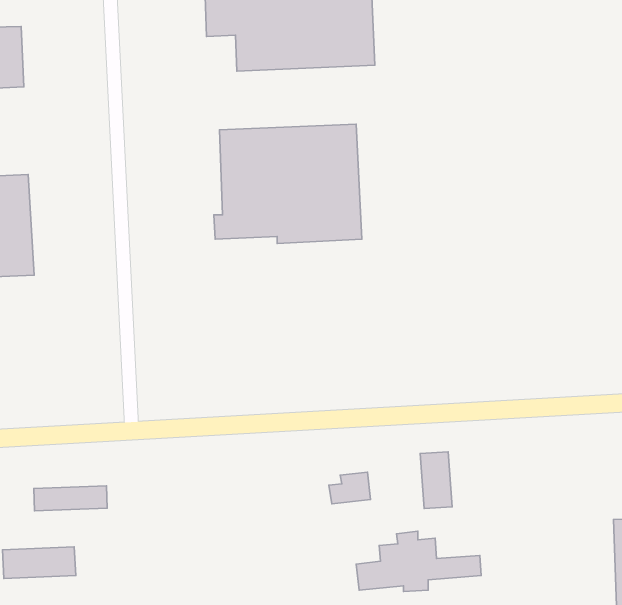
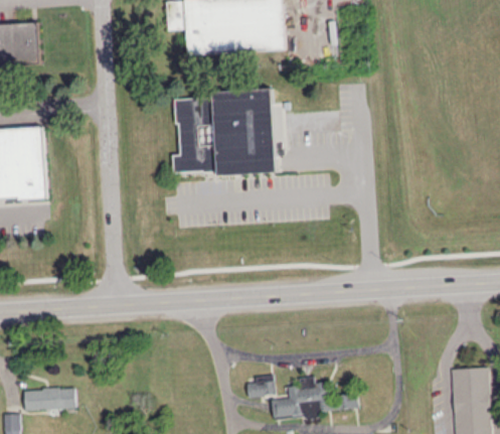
building: [420,452,452,508] -> none
building: [329,472,371,504] -> [246,375,276,397]
building: [34,486,107,511] -> none

